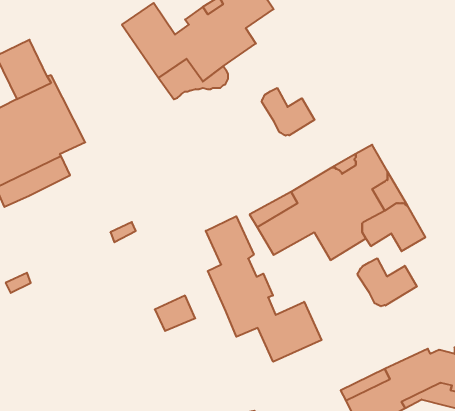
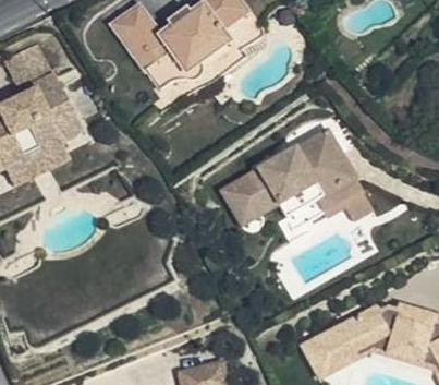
building: [262,88,315,136] -> none
building: [206,216,322,362] -> none
building: [358,258,417,306] -> none

